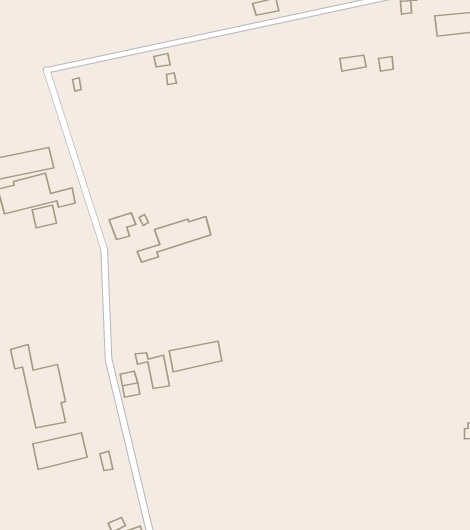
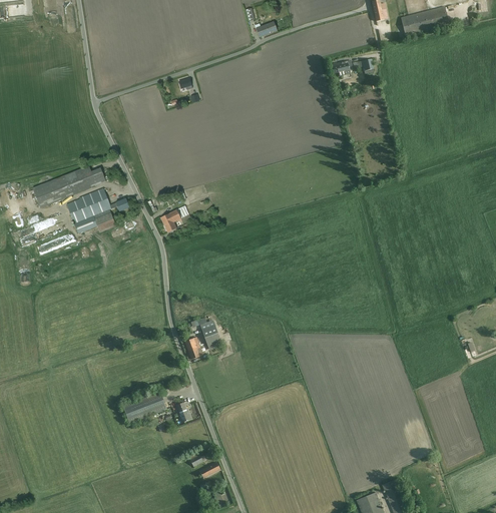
building: [137,216,211,262] -> none
building: [169,341,222,372] -> none
building: [10,345,65,428] -> none

